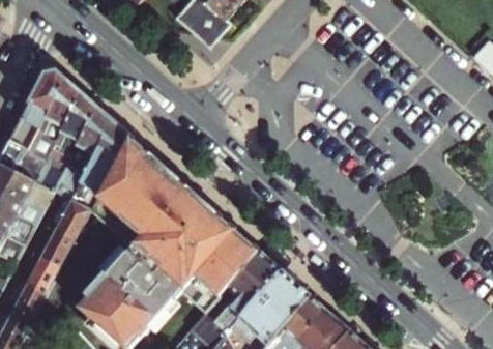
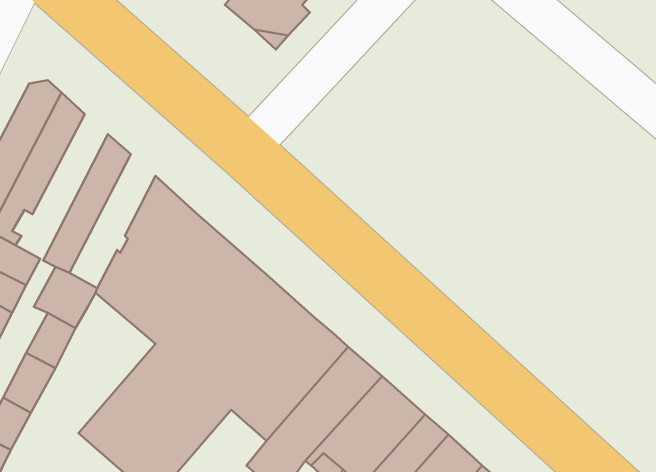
building: [35,92,97,191] -> none
building: [71,119,129,209] -> none

